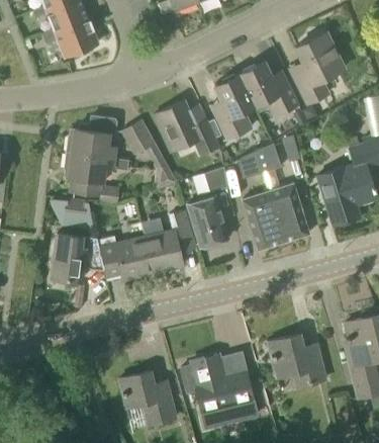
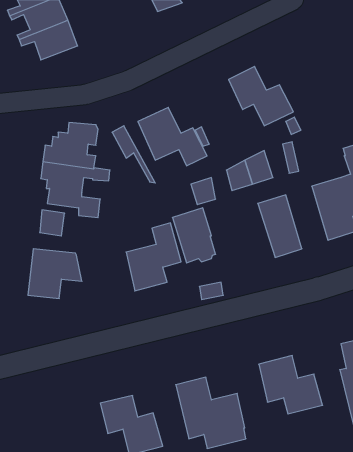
building: [292,32,343,106] -> none
building: [214,75,253,142] -> none
building: [120,124,166,171] -> none
building: [242,191,283,250] -> none
building: [97,236,152,281] -> none

